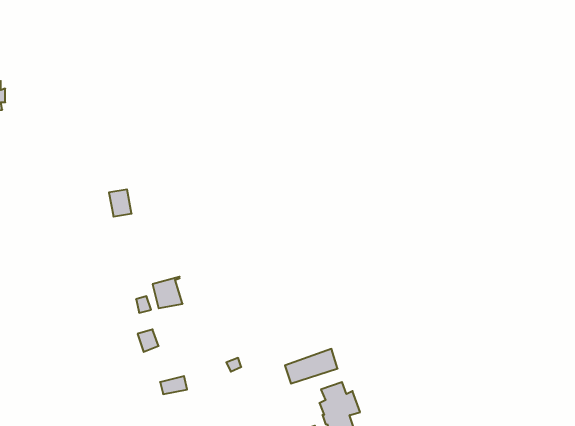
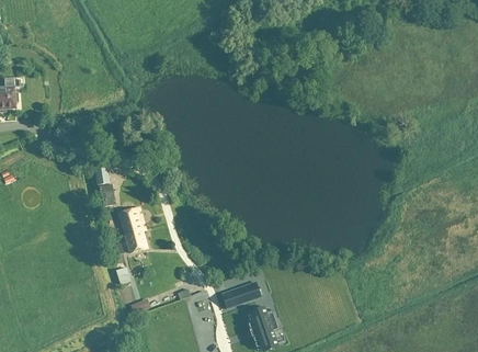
building: none -> [118,207,145,235]

